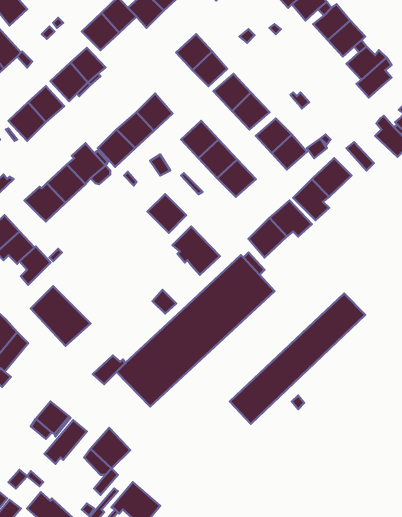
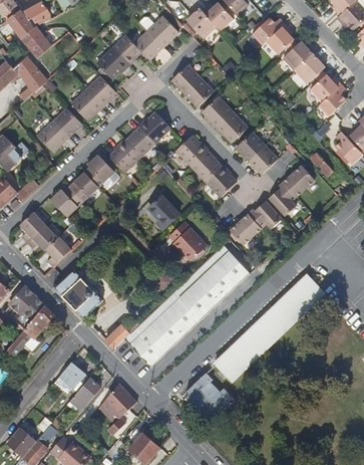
building: none -> [181,372,236,428]

